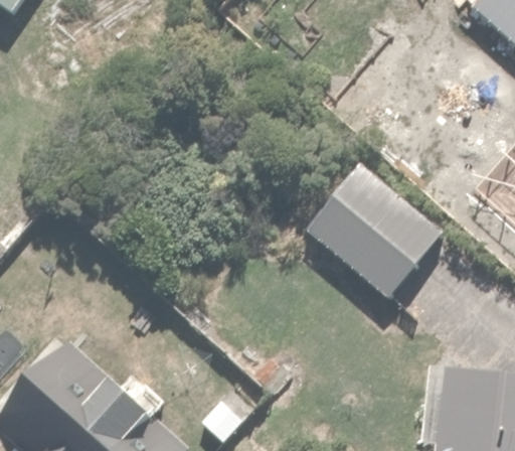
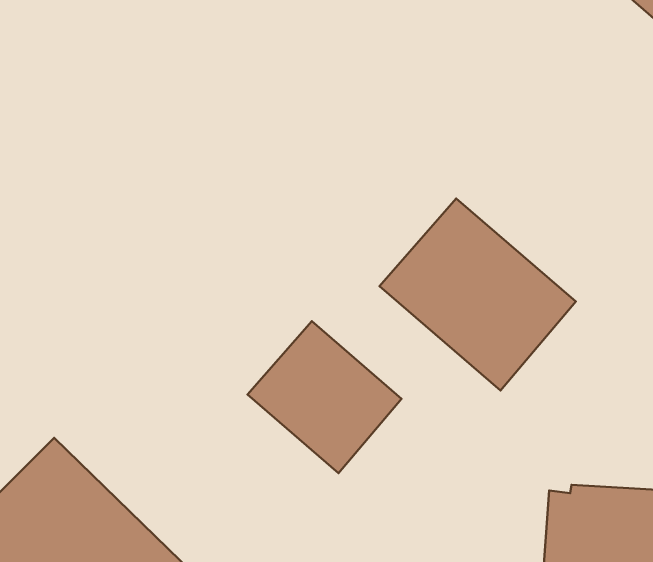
building: none -> [247,321,402,473]

